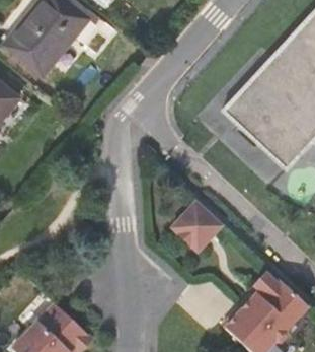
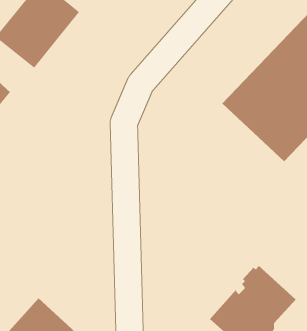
building: [164,200,215,251] -> none

